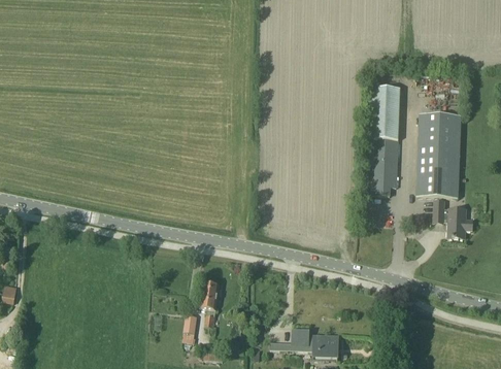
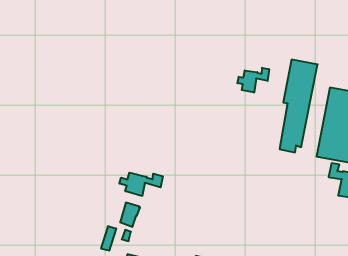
building: none -> [237,68,269,93]
building: none -> [119,173,163,196]

